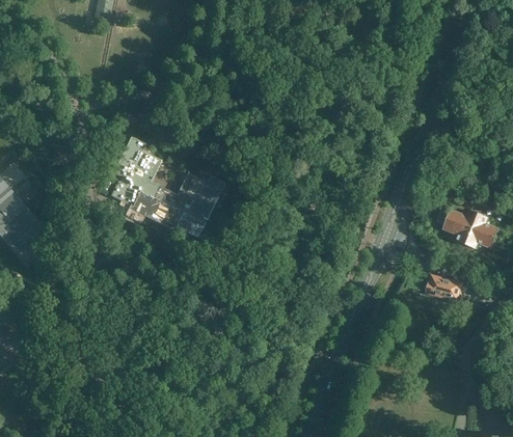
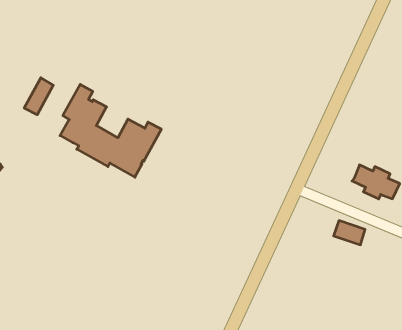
building: none -> [24,78,53,115]

